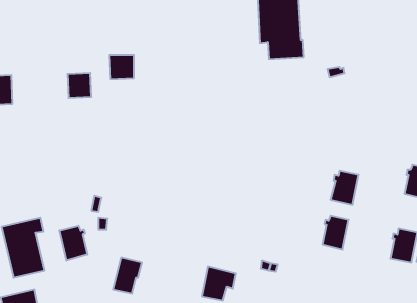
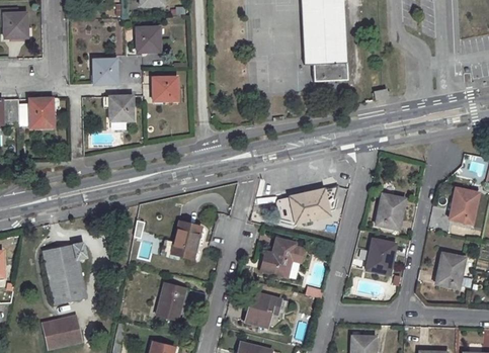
building: none -> [136,26,160,52]
building: none -> [93,59,116,84]
building: none -> [276,184,338,223]
building: none -> [171,220,201,258]
building: none -> [260,237,296,276]
building: [59,226,87,261] -> none

